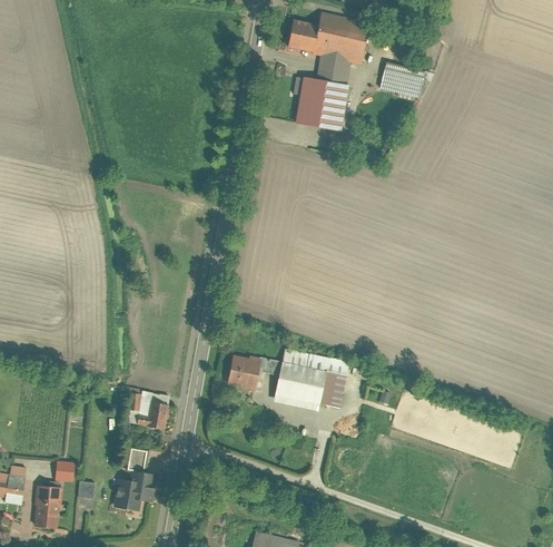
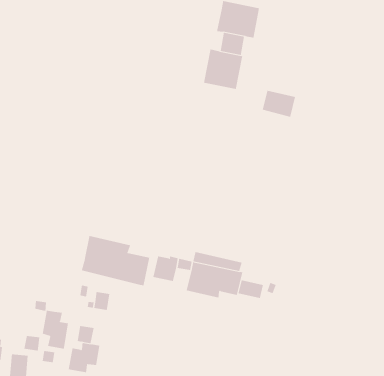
building: [287,20,318,51] -> none
building: [378,62,424,99] -> [262,90,296,117]
building: none -> [81,235,150,286]
building: none -> [238,279,264,299]
building: none -> [42,310,68,349]

